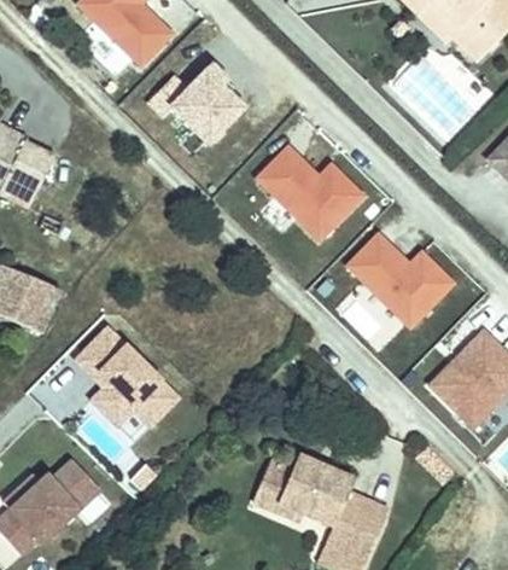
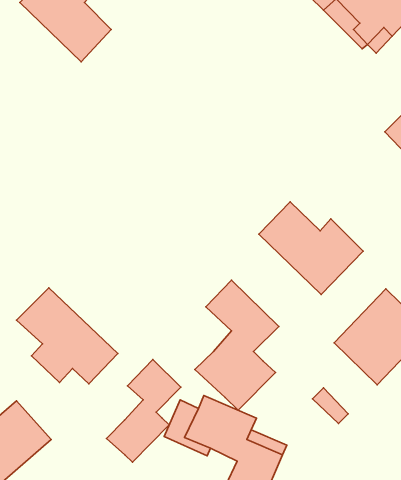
building: [152,65,253,153] -> none
building: [253,142,370,245] -> none
building: none -> [195,280,279,410]
building: none -> [106,360,181,462]

